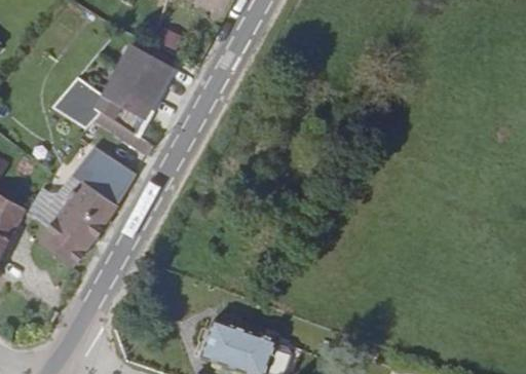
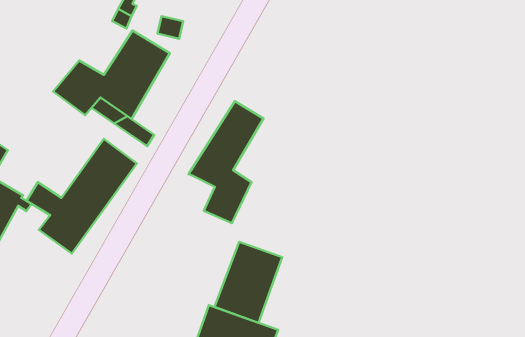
building: none -> [189,101,263,223]
building: none -> [215,242,282,323]

